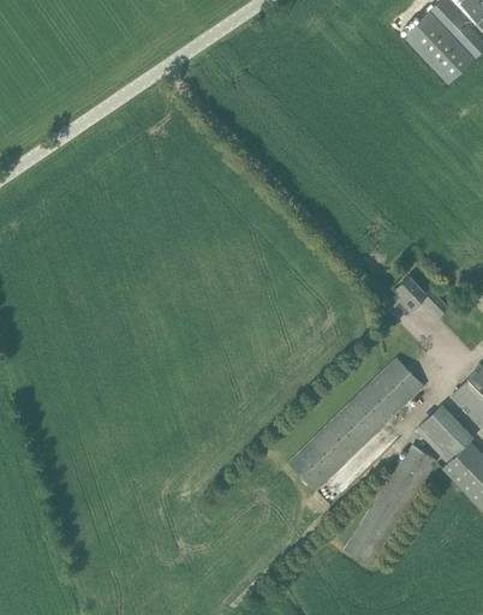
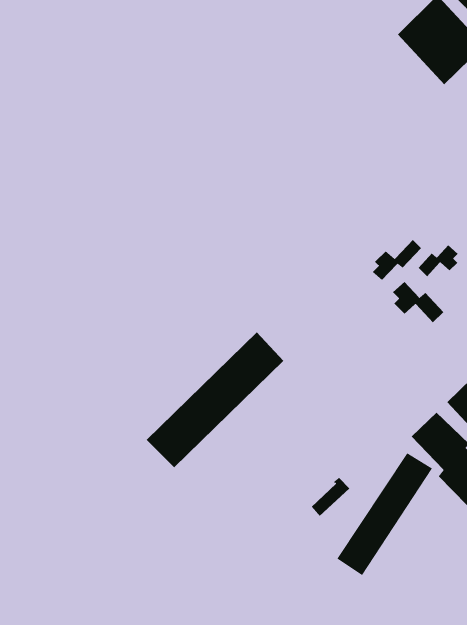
building: none -> [372,239,422,281]
building: none -> [418,245,459,277]
building: [288,356,423,489] -> [146,331,284,468]

